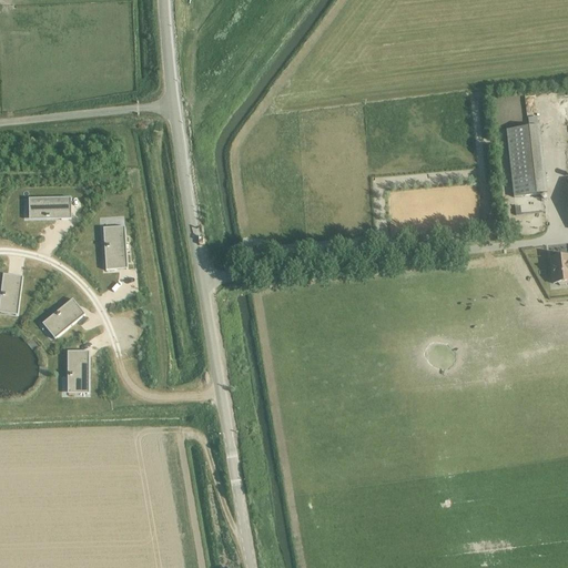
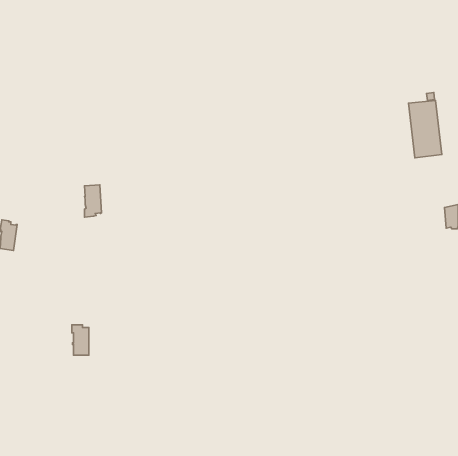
building: [31,195,70,217] -> none
building: [45,297,81,334] -> none
building: [67,349,88,387] -> [72,325,89,355]

